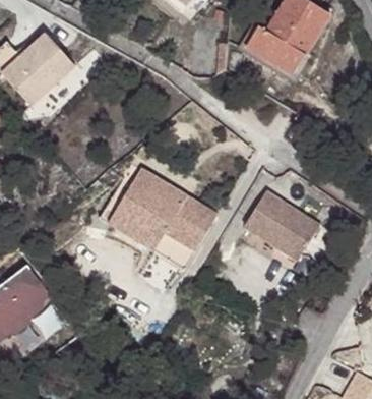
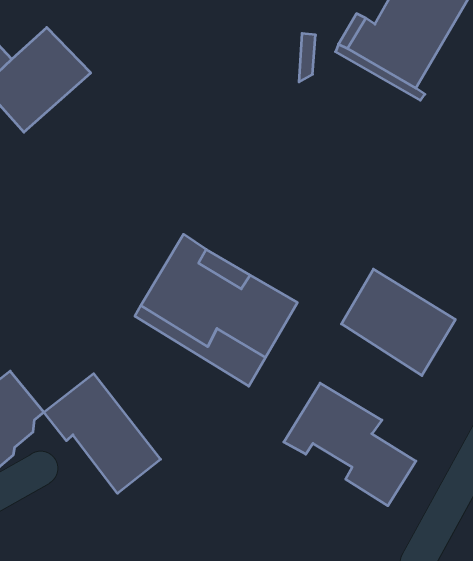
building: none -> [44,374,161,493]
building: none -> [284,383,416,506]

